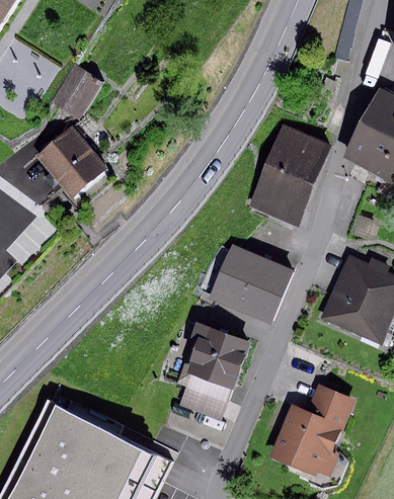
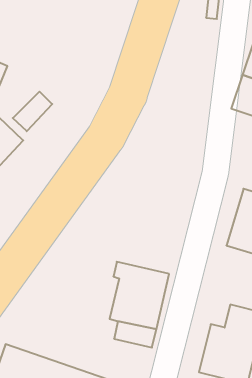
building: none -> [13,92,52,131]
building: [250,129,329,227] -> none
building: [208,244,291,324] -> none

